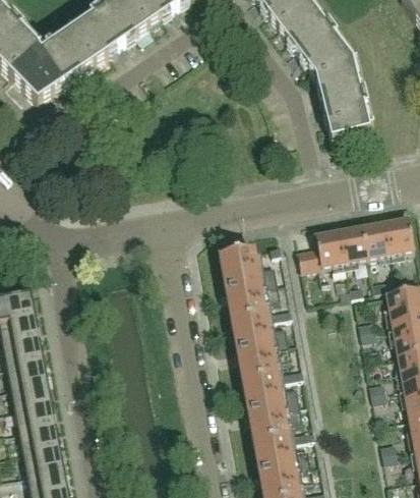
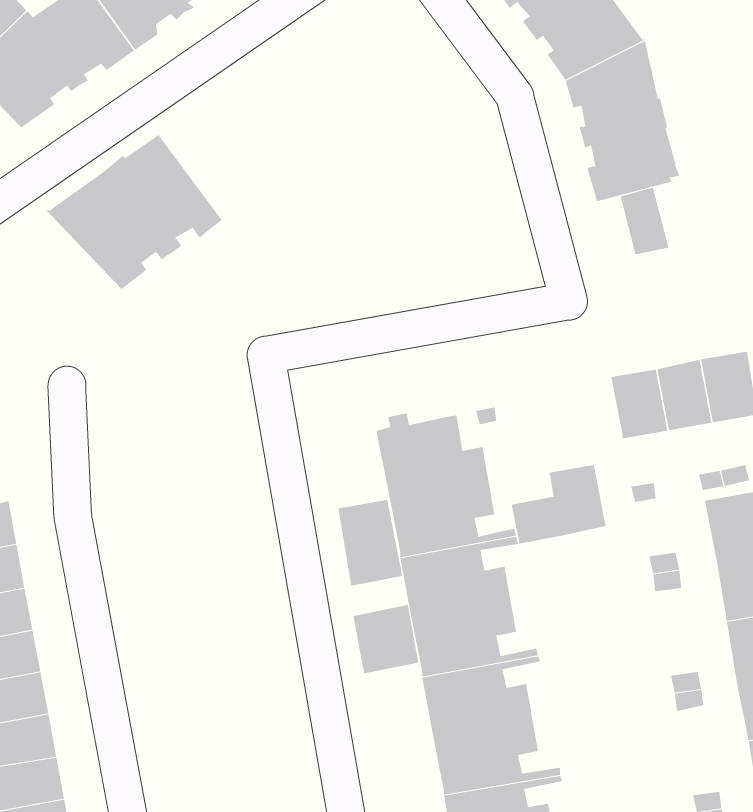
building: none -> [47,134,222,290]
building: none -> [620,187,669,255]
building: [295,228,344,269] -> [511,465,607,544]
building: none -> [338,499,403,586]
building: none -> [353,604,419,674]

